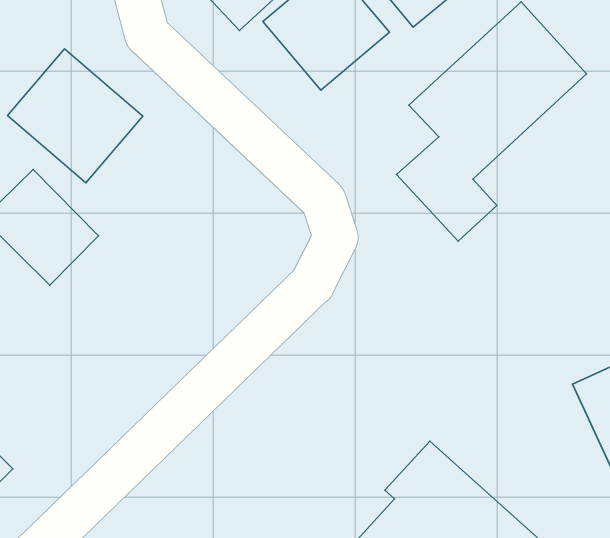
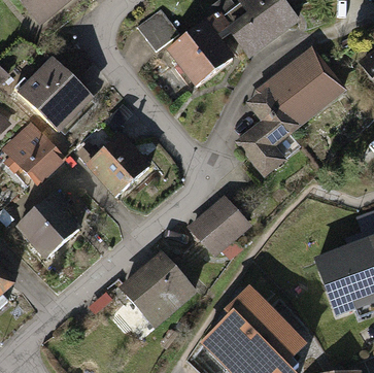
building: none -> [84,133,148,197]
building: none -> [192,196,254,258]
building: none -> [13,192,82,260]
building: none -> [123,253,198,328]

